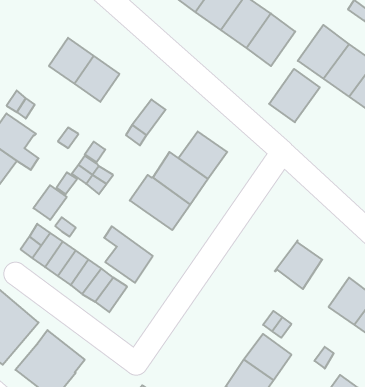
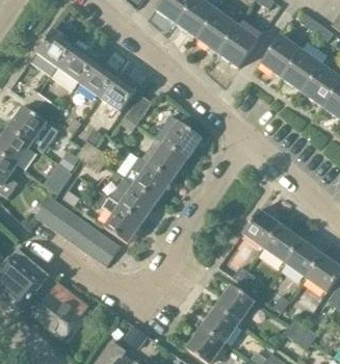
building: none -> [37,29,74,68]
building: [269,69,320,122] -> none
building: none -> [100,74,137,111]
building: none -> [109,177,158,222]
building: none -> [264,225,302,263]

